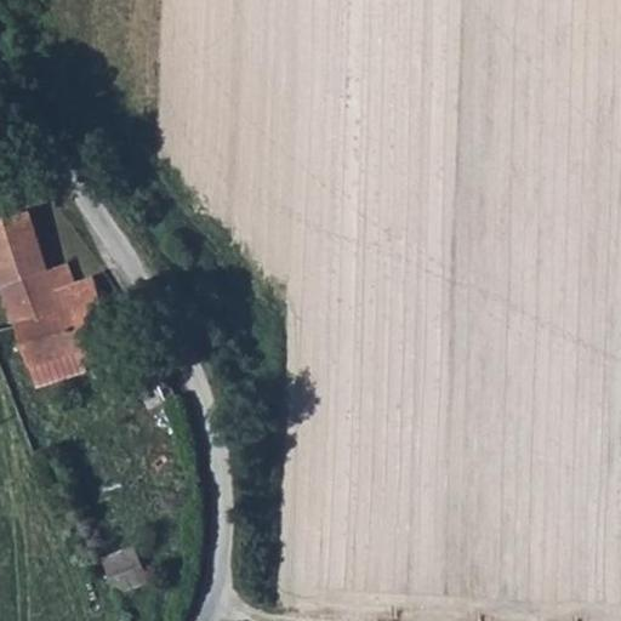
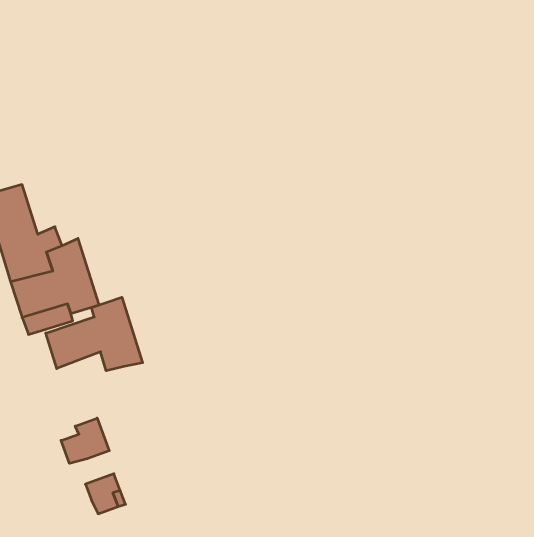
building: none -> [46,297,143,371]
building: none -> [61,418,109,463]

